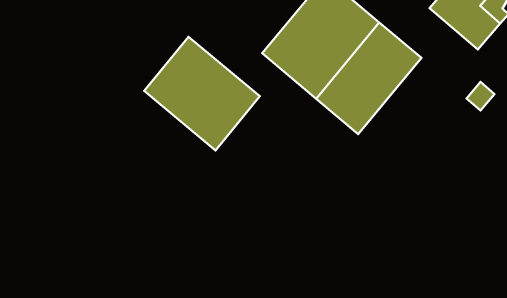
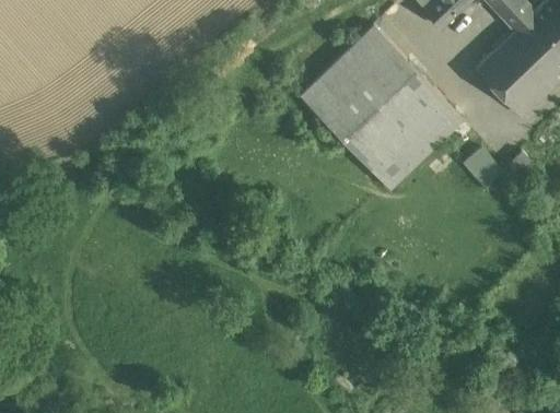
building: [144,37,260,150] -> none
building: none -> [462,146,504,189]

